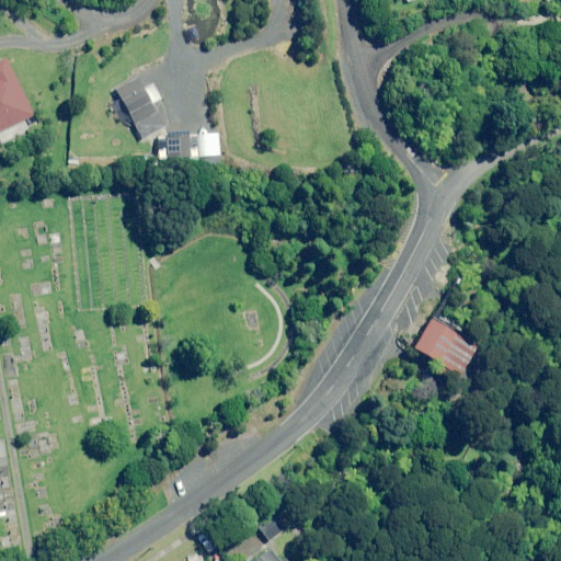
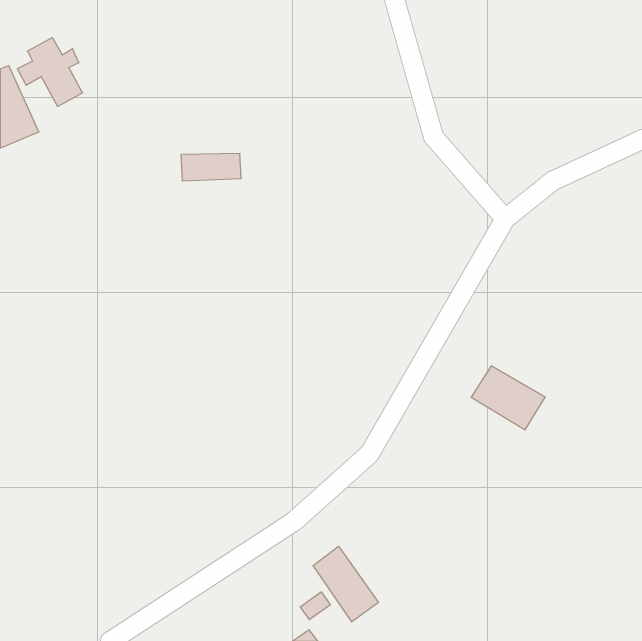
building: [108,77,165,137] -> [17,37,83,107]
building: none -> [313,546,378,622]

